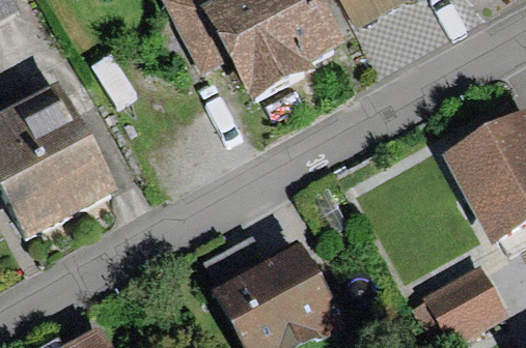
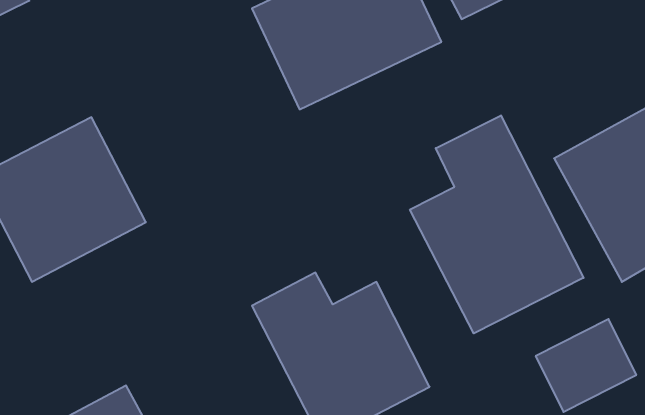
building: none -> [410,115,584,333]

